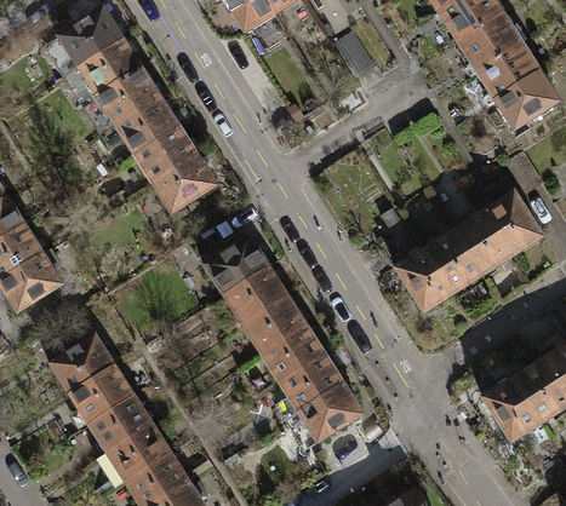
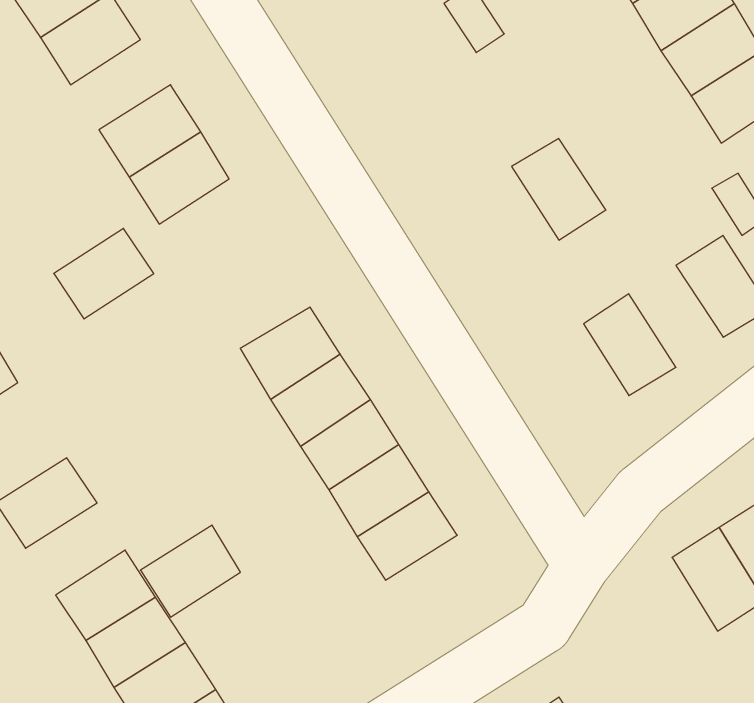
building: [96,64,160,122] -> none
building: [153,154,217,212] -> [54,228,154,319]
building: [454,209,515,275] -> [512,138,606,240]
building: [395,247,454,312] -> none
building: [67,362,131,421] -> [140,525,240,617]
building: [298,383,364,442] -> none

